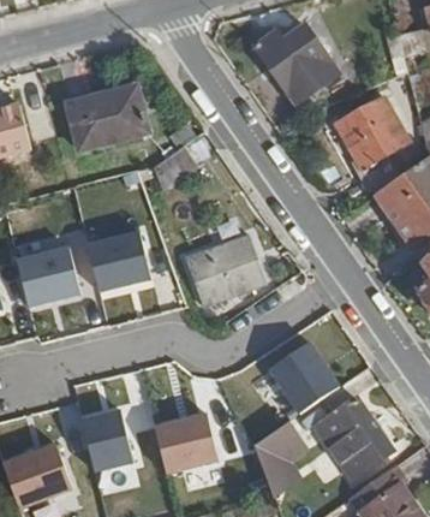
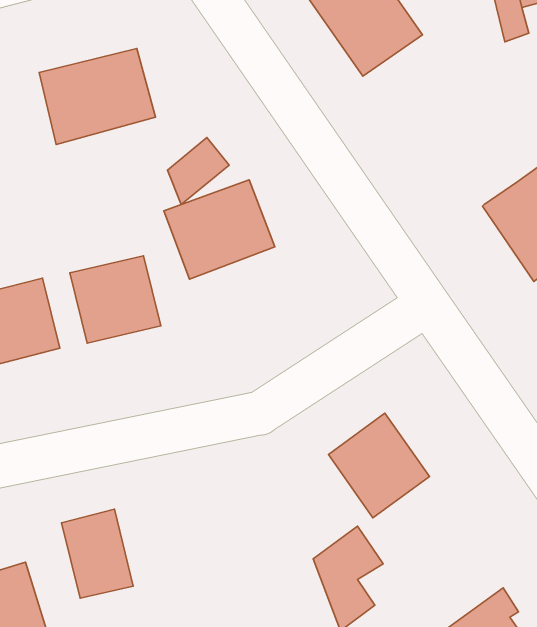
building: [335,99,410,194] -> none
building: [186,231,264,301] -> [164,180,275,279]
building: [317,398,389,475] -> none
building: [155,411,219,474] -> none

